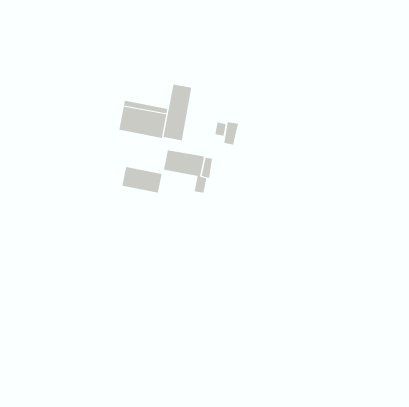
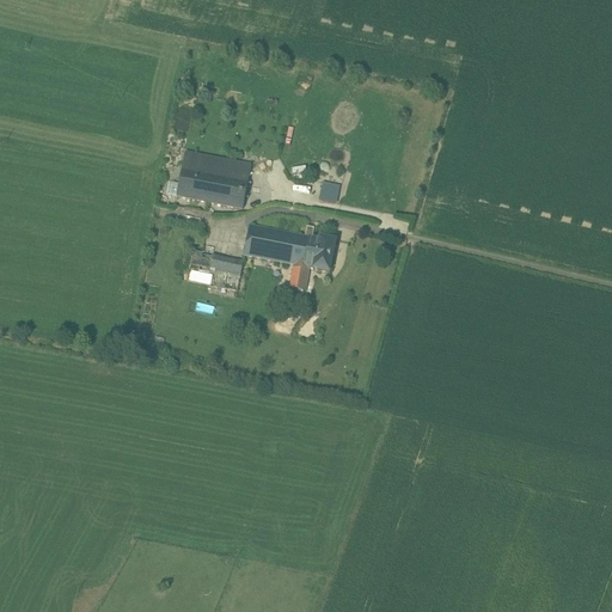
building: [163,84,192,141] -> none
building: [223,122,239,145] -> [312,235,336,270]

